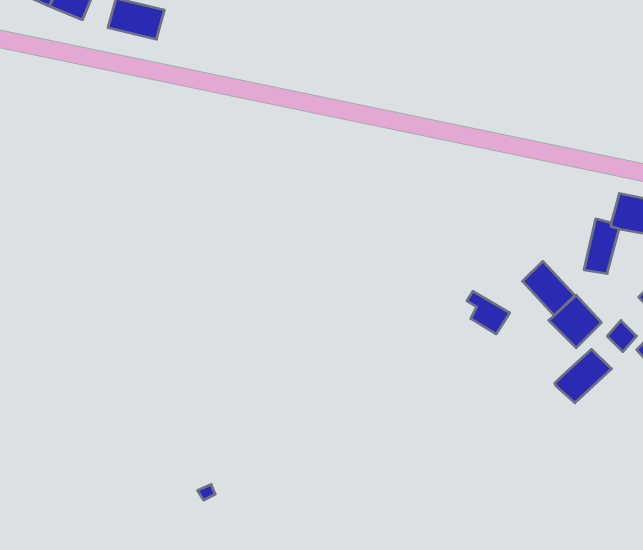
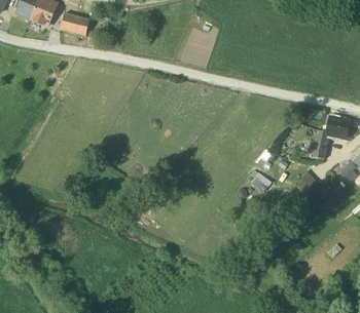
building: [522,261,575,316] -> none
building: [555,349,612,403] -> none

